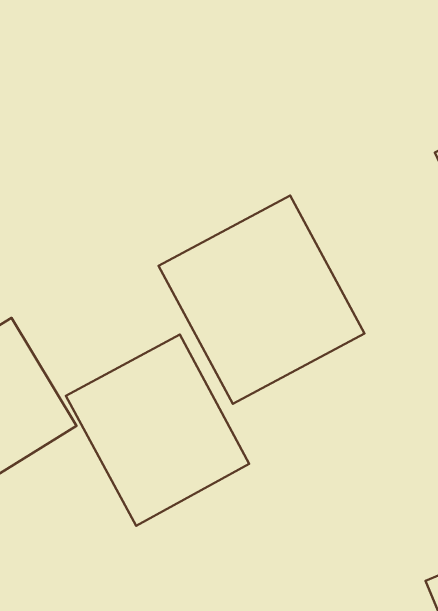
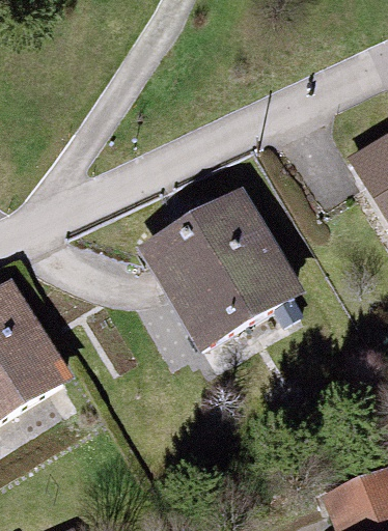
building: [66,334,249,526] -> none

